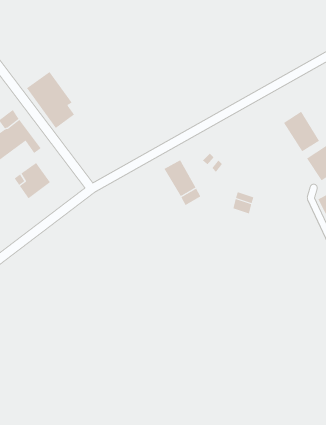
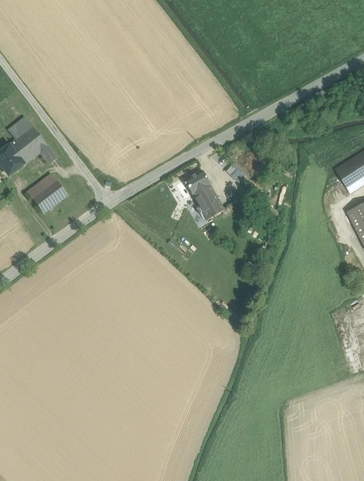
building: [26,71,75,129] -> none
building: [283,111,320,152] -> none

